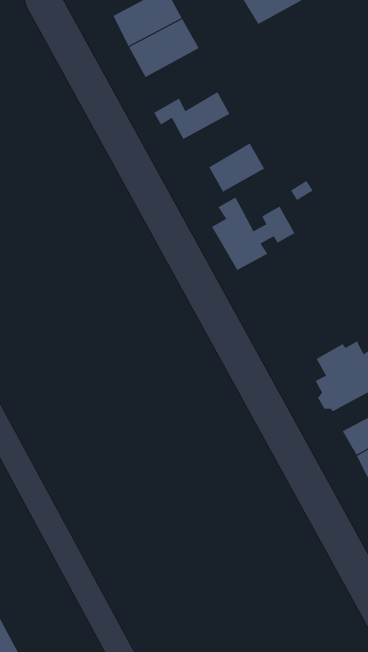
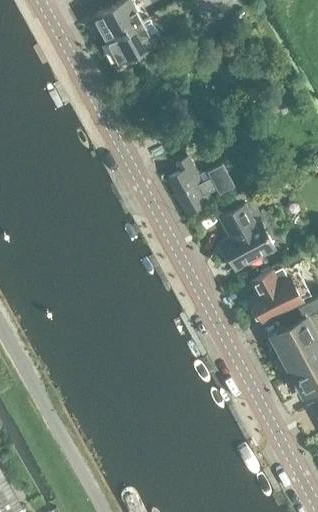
building: [153,91,230,140] -> none
building: [209,142,265,193] -> none
building: none -> [220,205,276,271]

